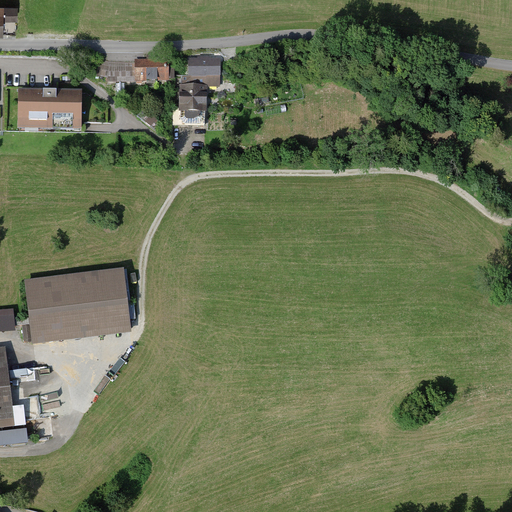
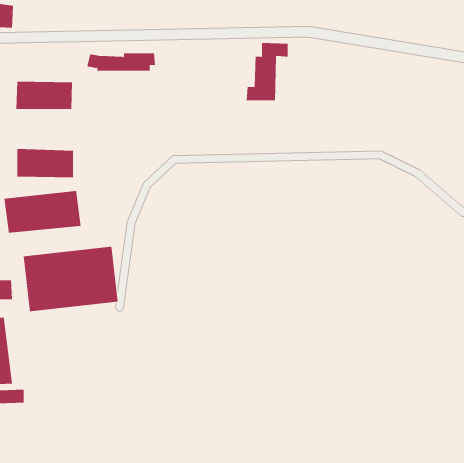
building: [170,57,217,121] -> [246,43,289,101]
building: none -> [17,148,74,178]
building: none -> [4,190,81,233]

